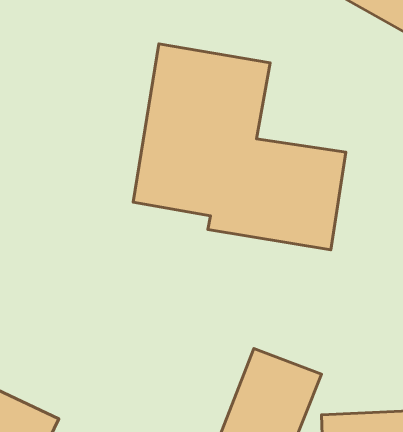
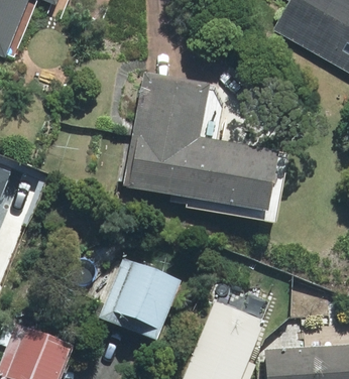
building: none -> [100,254,183,343]

